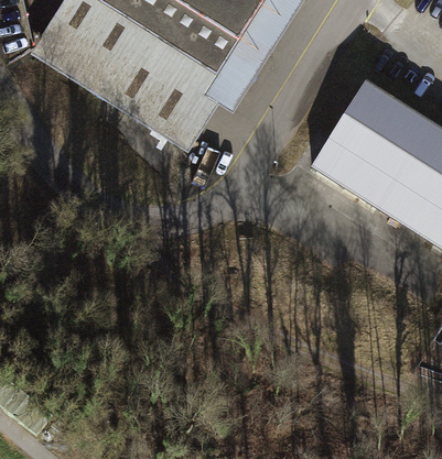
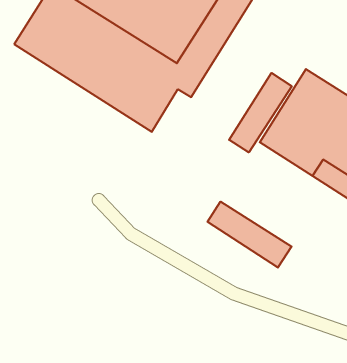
building: none -> [229,73,292,152]
building: none -> [208,202,292,268]

